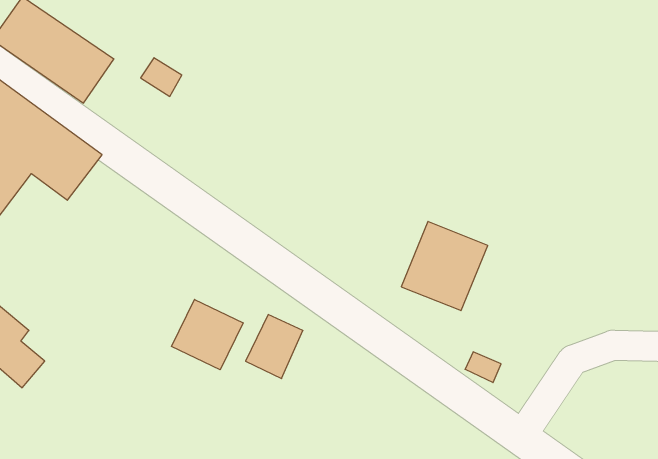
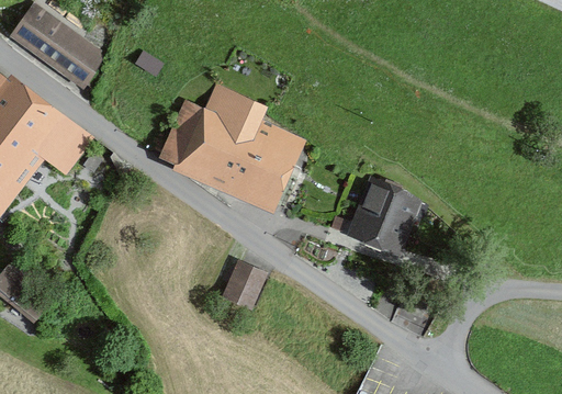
building: none -> [176,86,304,213]
building: [172,299,243,370] -> none

